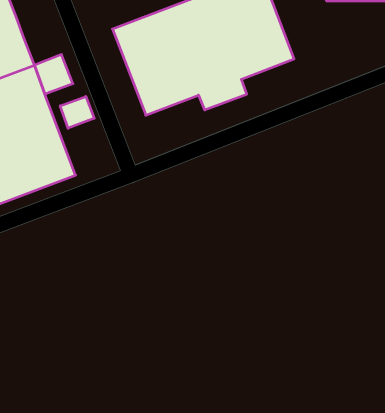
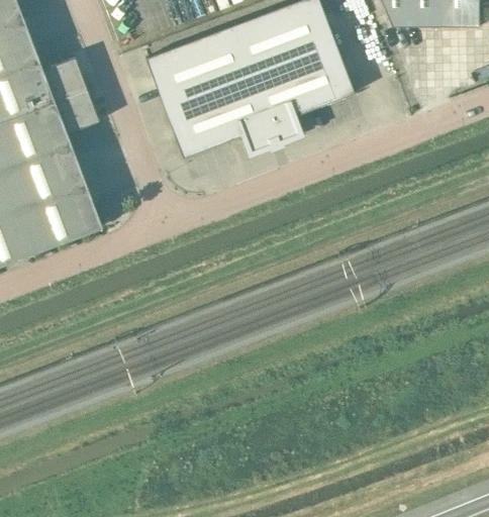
building: none -> [42,57,86,100]
building: [60,96,94,128] -> none

